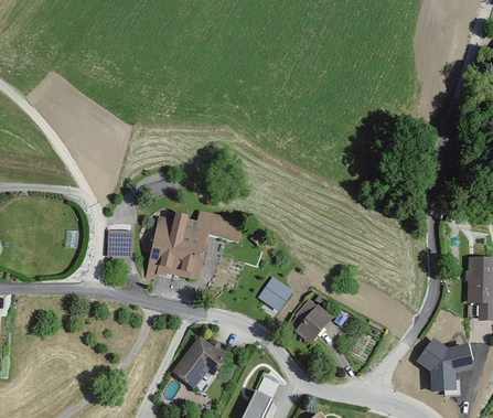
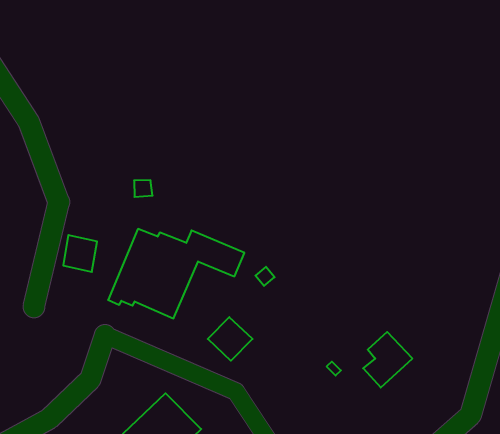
building: [257,278,290,310] -> [208,317,253,361]
building: [293,297,329,339] -> [363,332,412,388]

